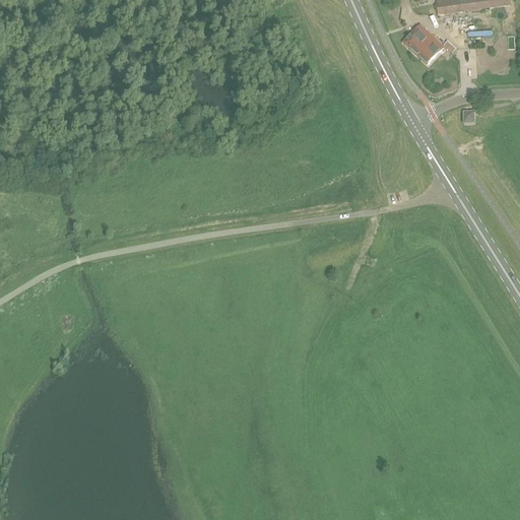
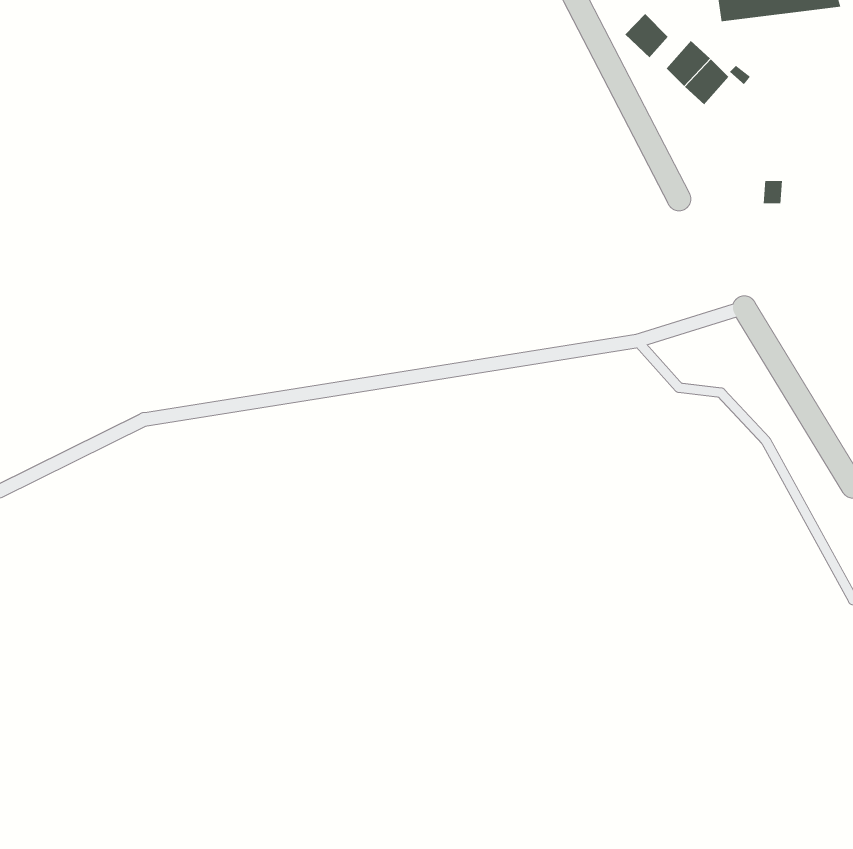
building: none -> [624,13,668,58]

